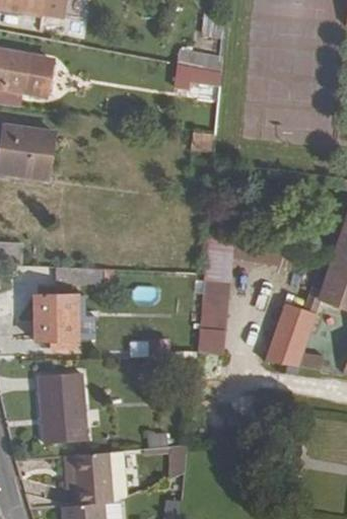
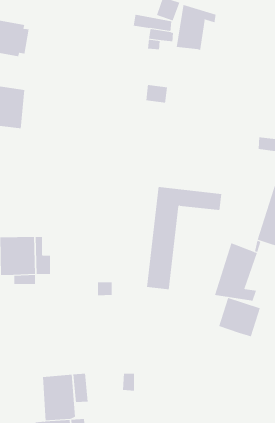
building: none -> [176,4,216,51]
building: none -> [218,297,260,337]
building: [32,375,83,444] -> none

